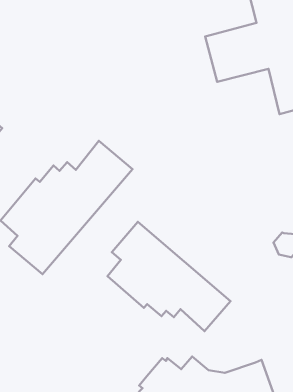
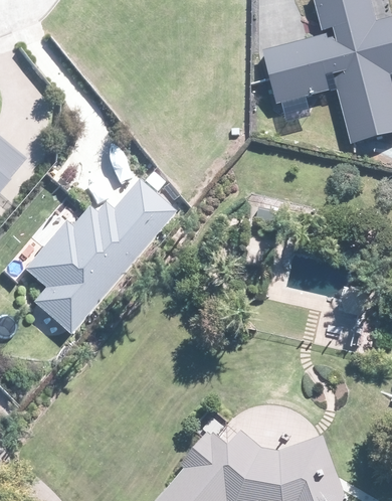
building: [108,222,231,331] -> none

